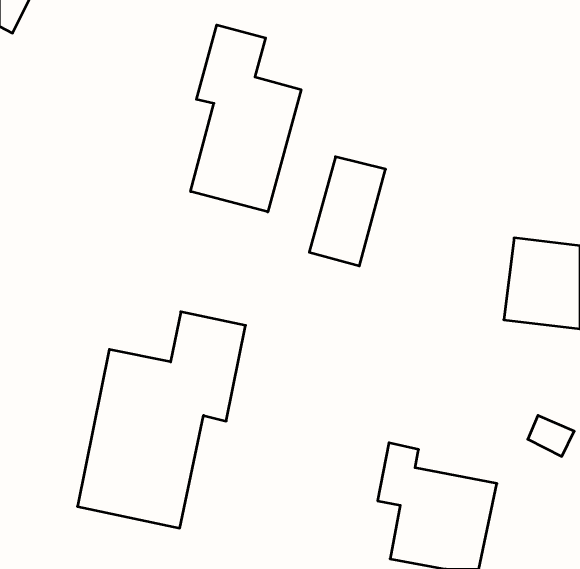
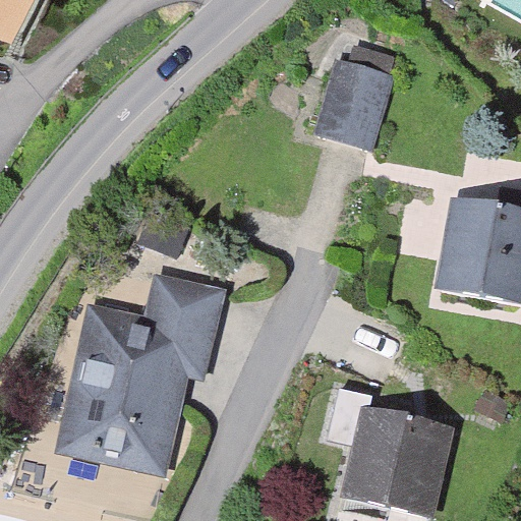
building: [191,25,301,212] -> none
building: [309,157,386,266] -> [326,49,394,147]

